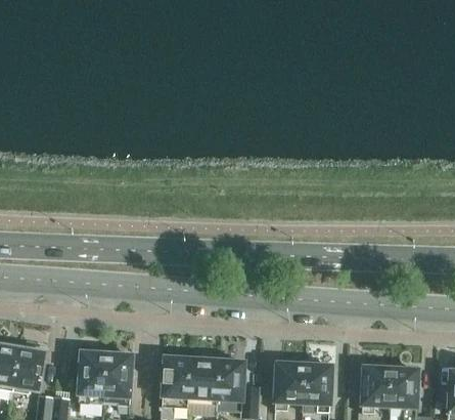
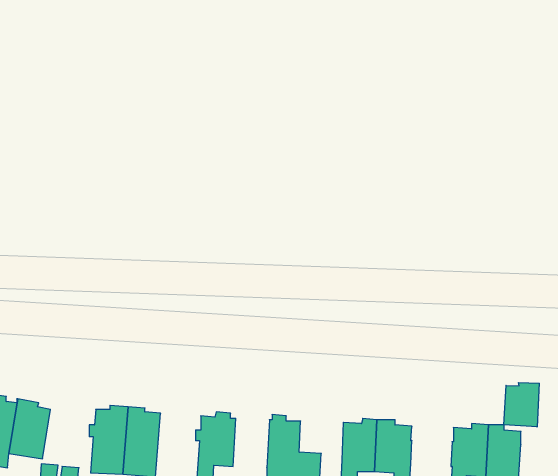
building: none -> [504,383,539,427]
building: [190,356,219,398] -> none

